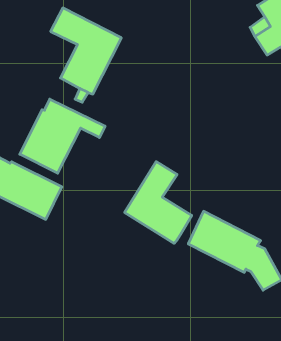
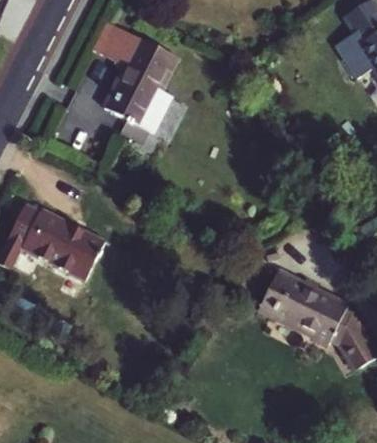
building: [20,99,105,173] -> none
building: [125,162,192,243] -> none

